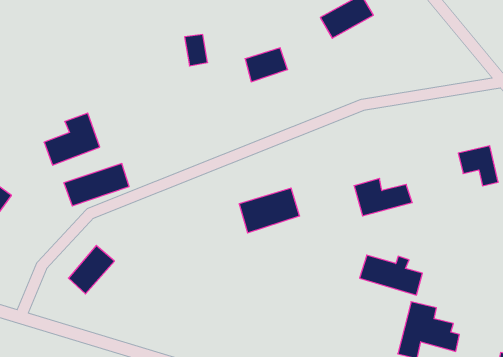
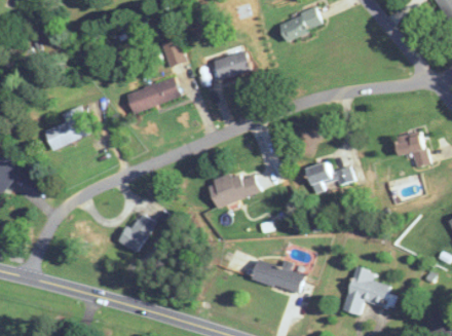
building: [64,164,129,206] -> [125,77,181,113]
building: [68,245,114,294] -> [118,212,157,253]
building: [360,255,422,295] -> [251,259,304,293]

